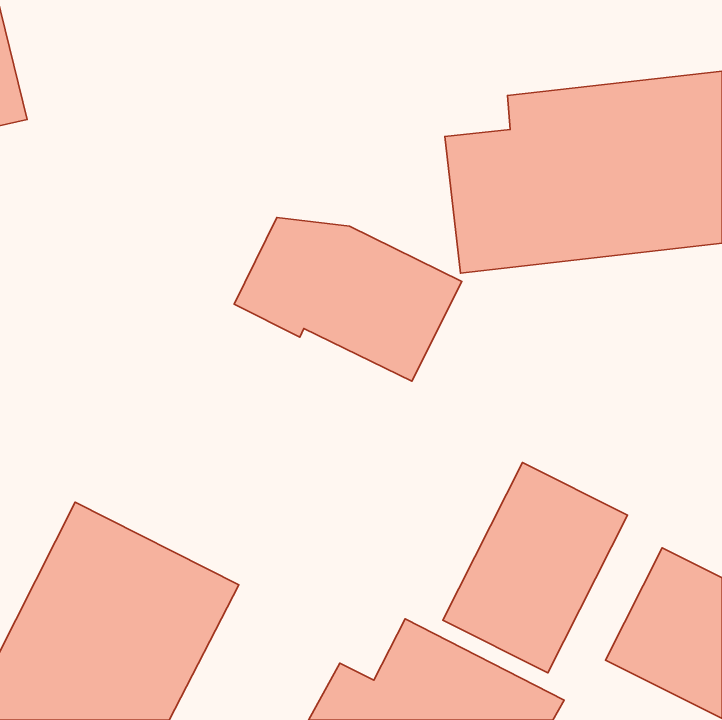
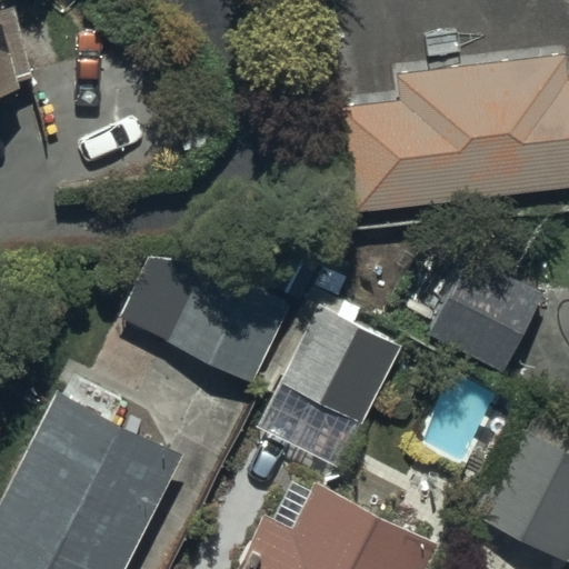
building: [234,218,462,381] -> [114,257,292,385]
building: none -> [428,257,545,376]
building: [443,462,628,673] -> [258,306,402,470]

